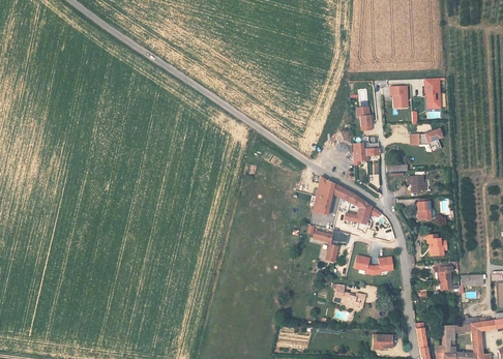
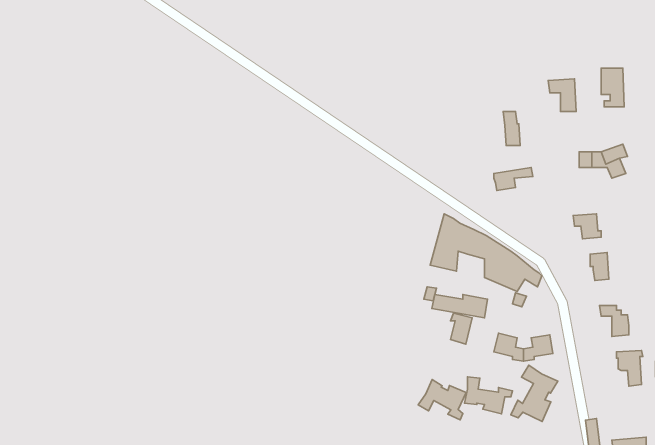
building: none -> [511,365,558,422]
building: none -> [418,380,466,420]

